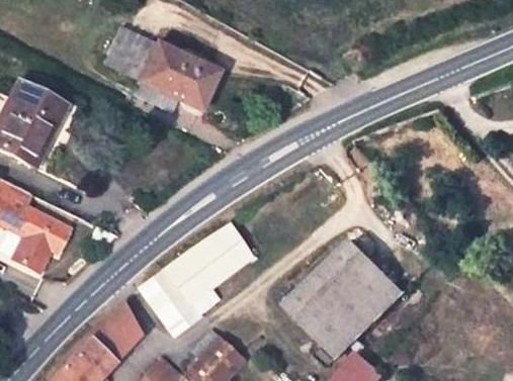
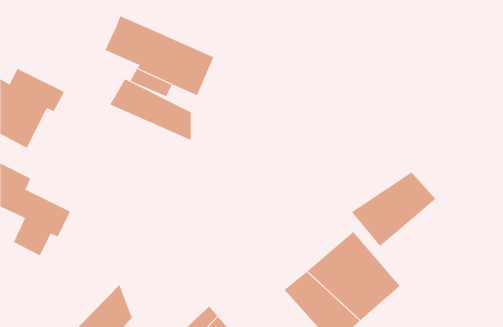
building: none -> [110,79,191,141]
building: none -> [351,172,436,247]
building: [140,227,253,338] -> none

